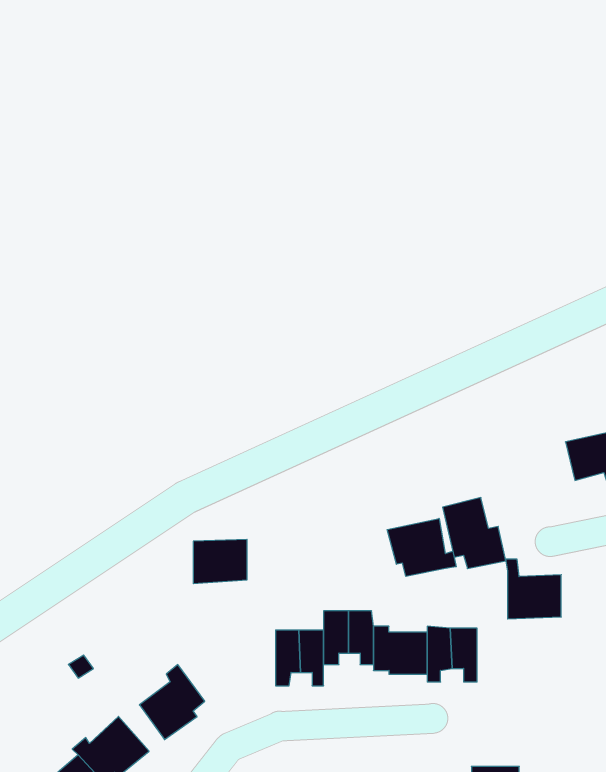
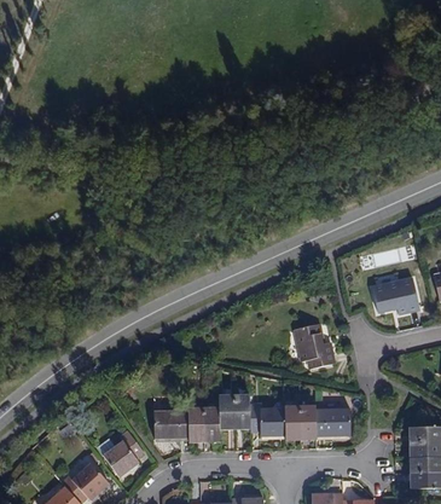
building: [387,518,456,576] -> none
building: [193,539,247,584] -> [155,411,188,439]
building: [506,559,561,619] -> [314,399,349,436]

